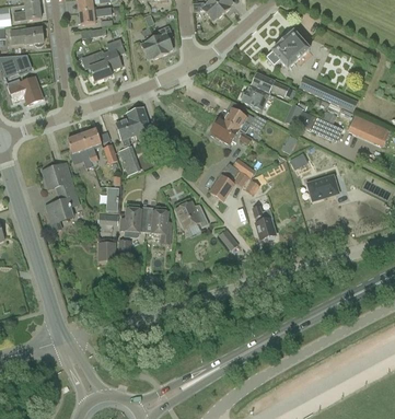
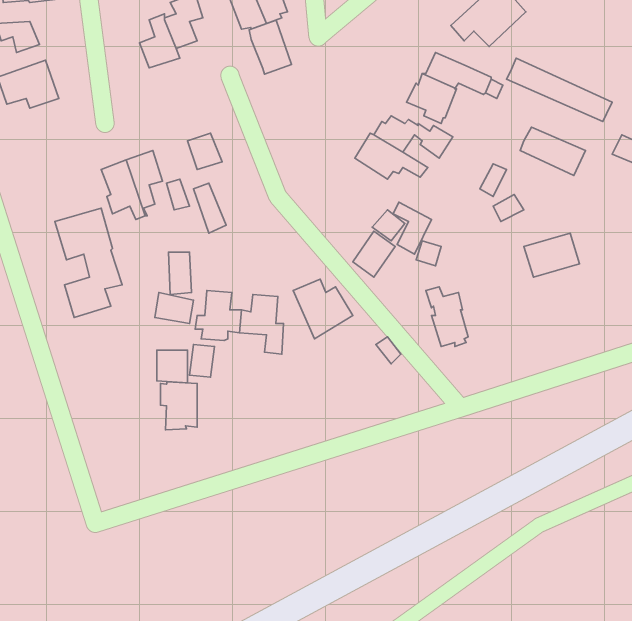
building: [128,107,152,138] -> [249,20,292,74]
building: none -> [161,382,197,430]

